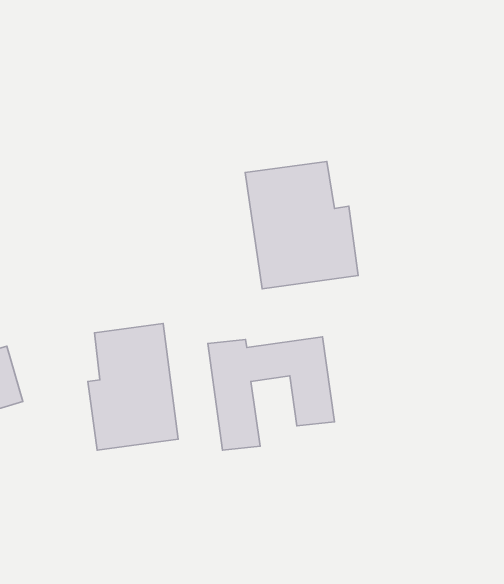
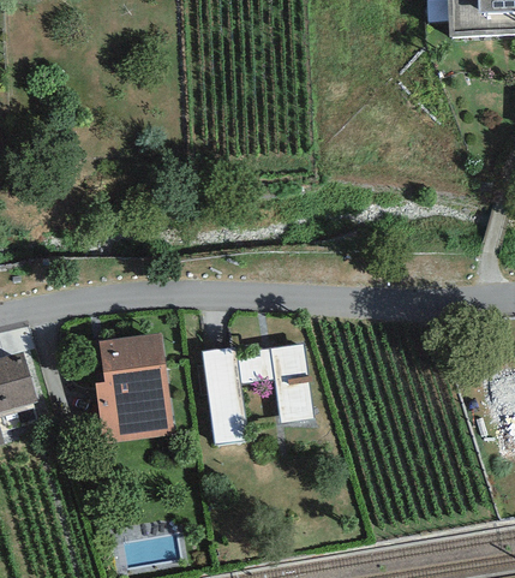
building: [245,161,358,289] -> none

